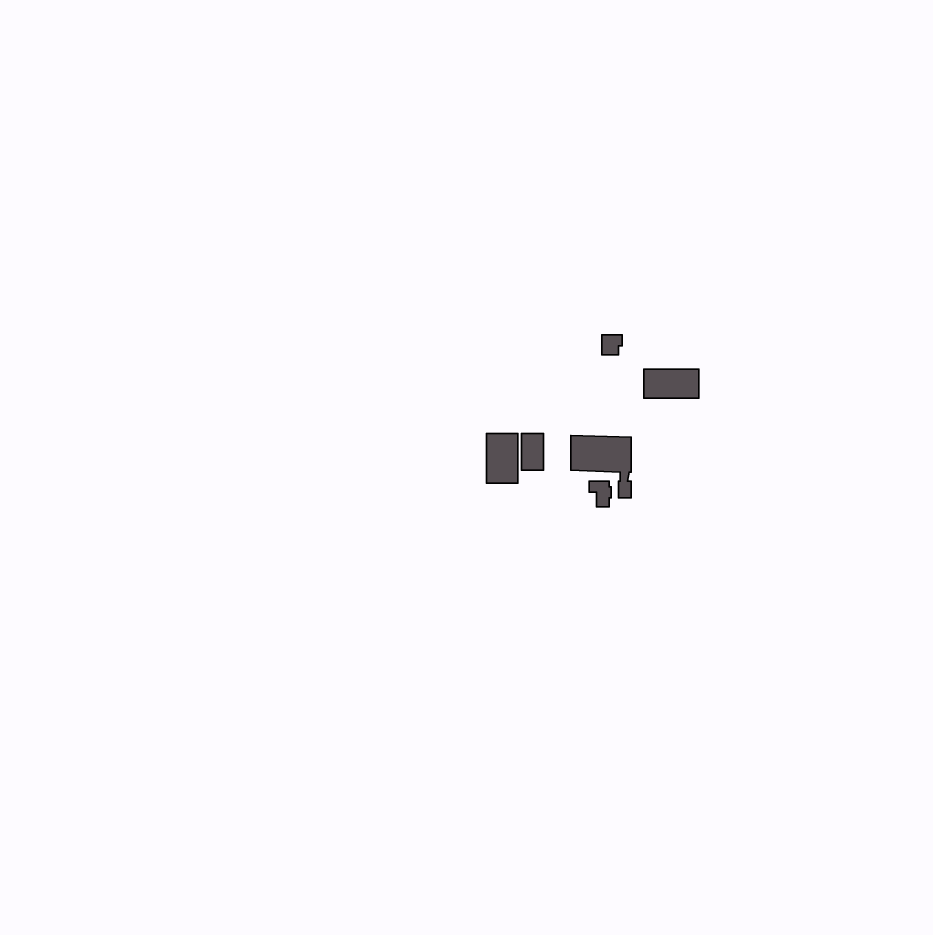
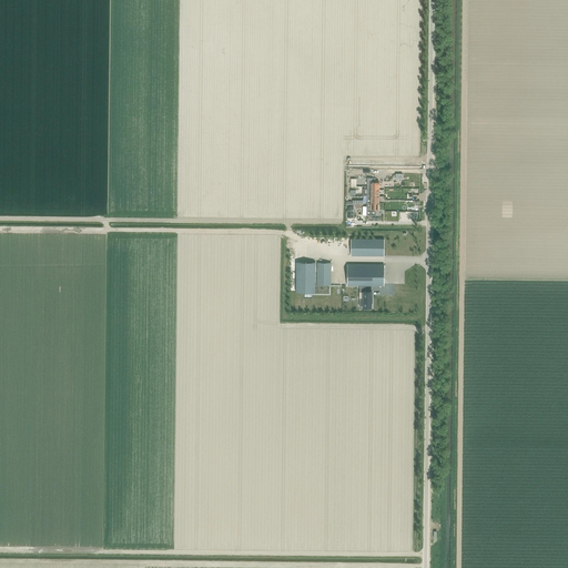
building: [644,369,699,398] -> [349,239,383,256]

